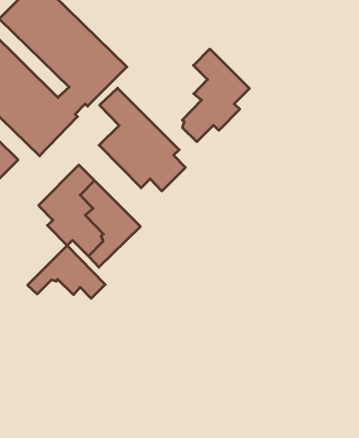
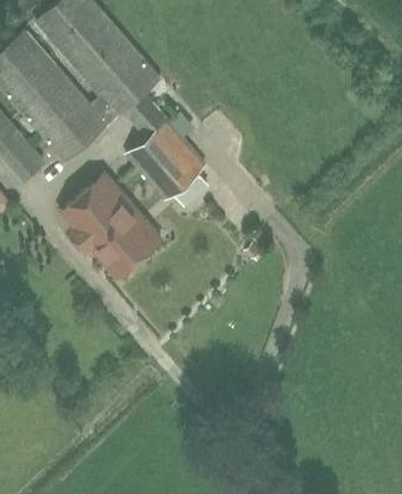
building: [182,49,249,142] -> none
building: [28,246,105,298] -> none

